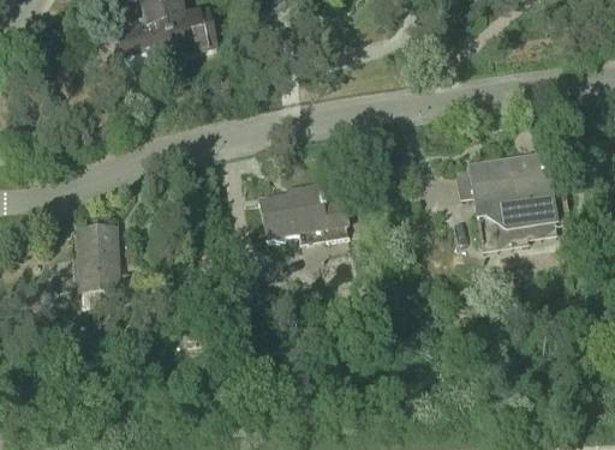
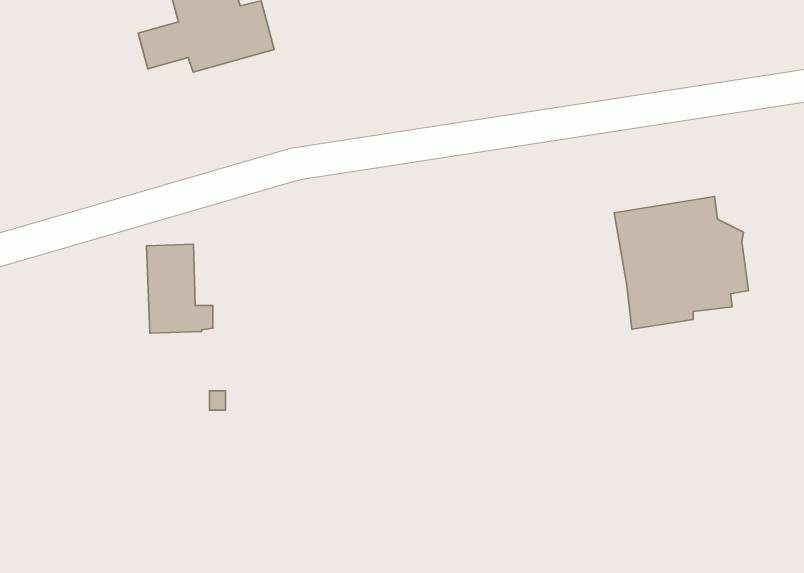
building: [258,182,347,239] -> none
building: [77,226,126,292] -> [146,244,213,333]

